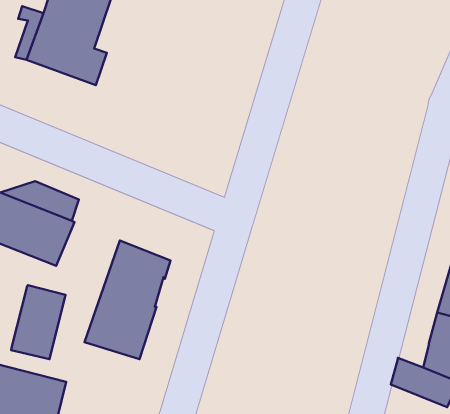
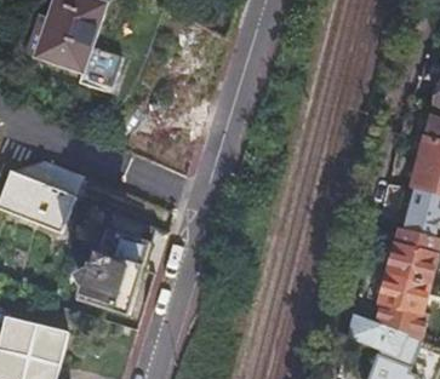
building: [11,285,65,359] -> none

